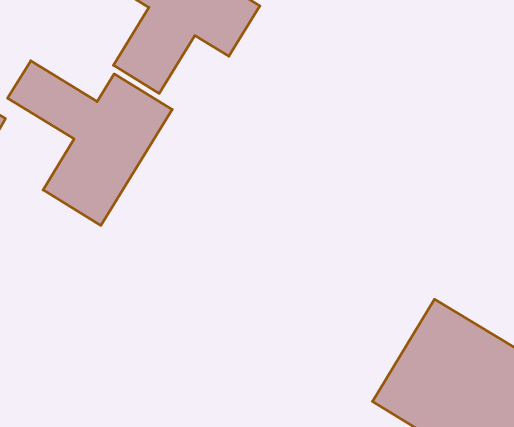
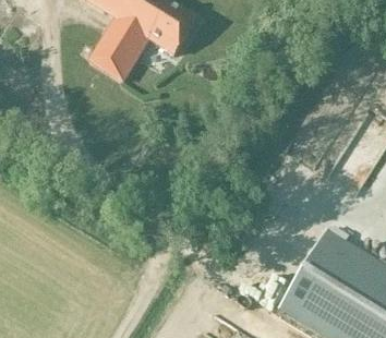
building: [8,61,172,225] -> none

